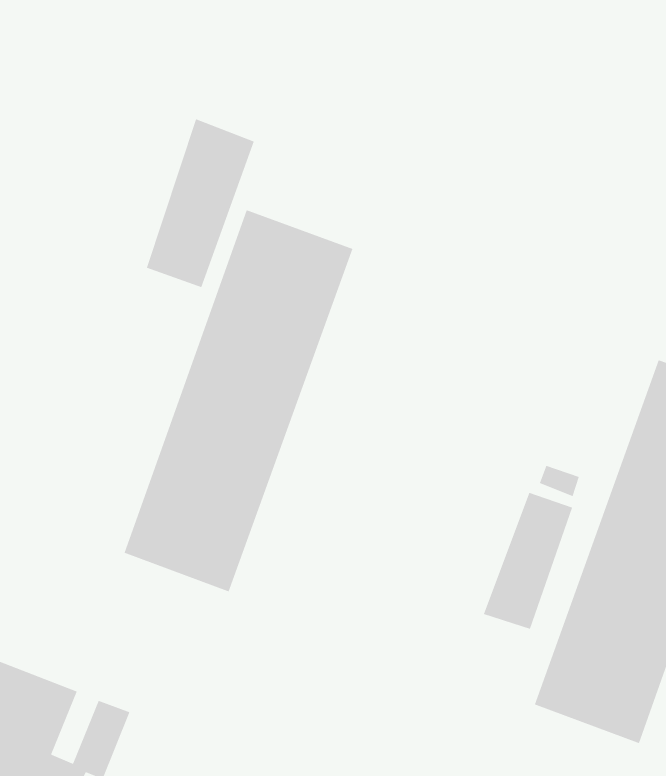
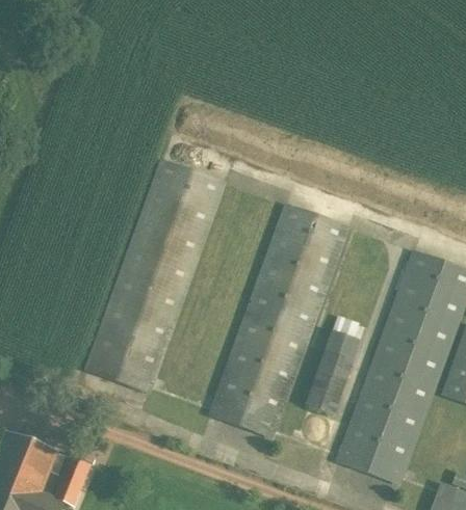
building: [146,118,255,288] -> none
building: none -> [209,204,348,438]

